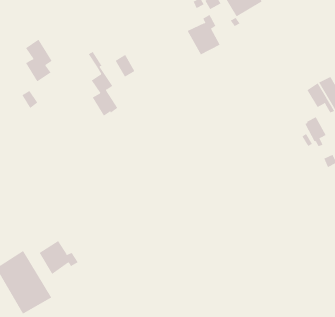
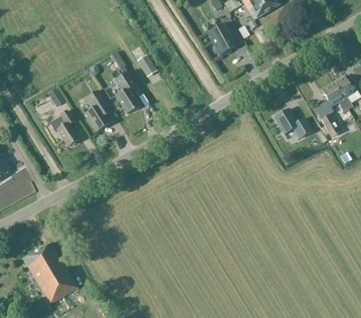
building: [25,39,53,82] -> [84,90,111,131]
building: none -> [273,108,311,138]
building: none -> [48,111,78,146]
building: [39,240,78,275] -> none

